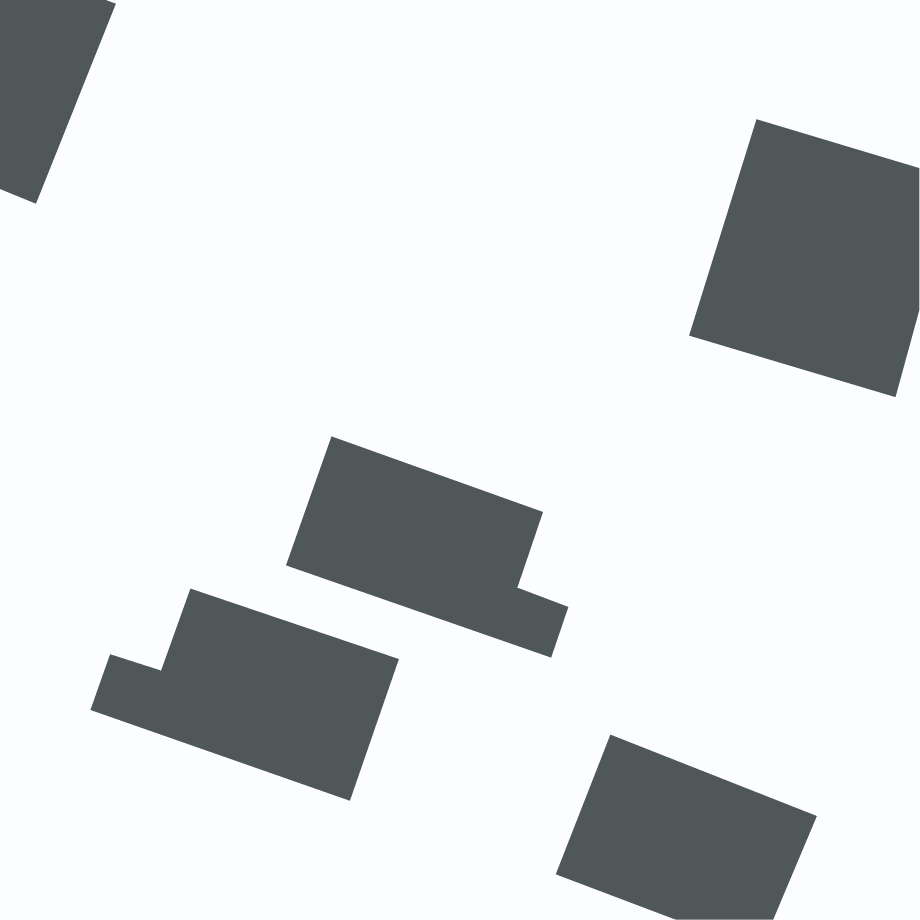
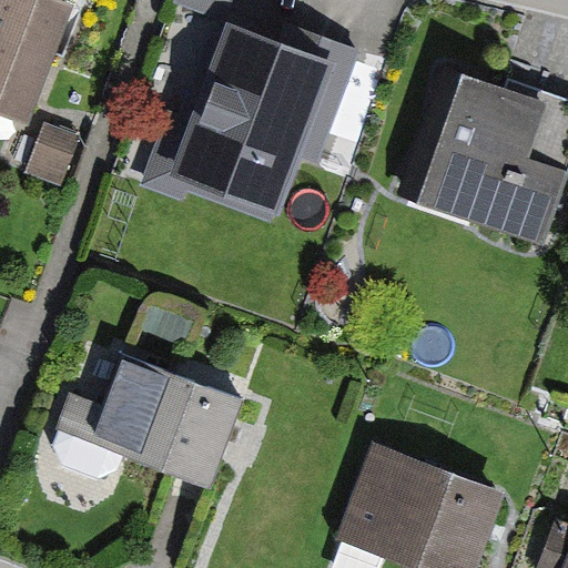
building: none -> [175,27,354,221]
building: [285,435,569,659] -> none

